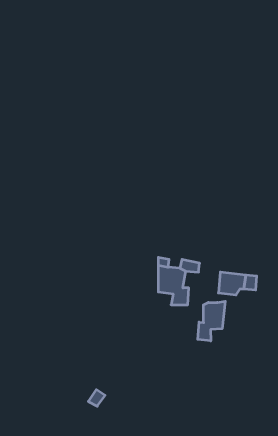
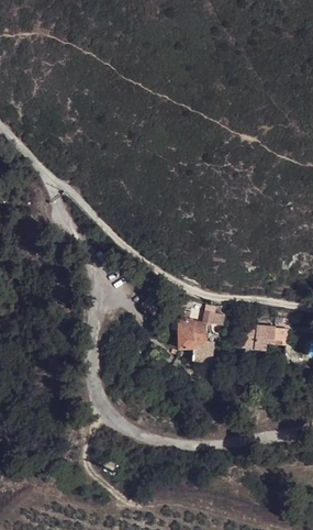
building: [198,301,225,341] -> none

